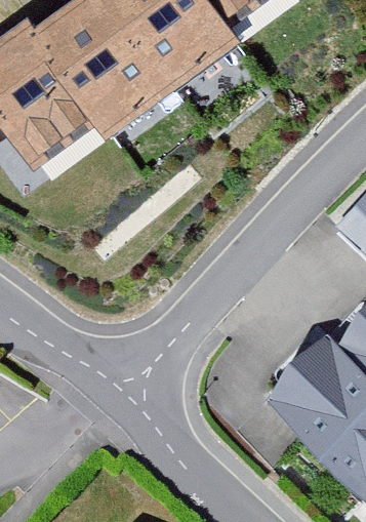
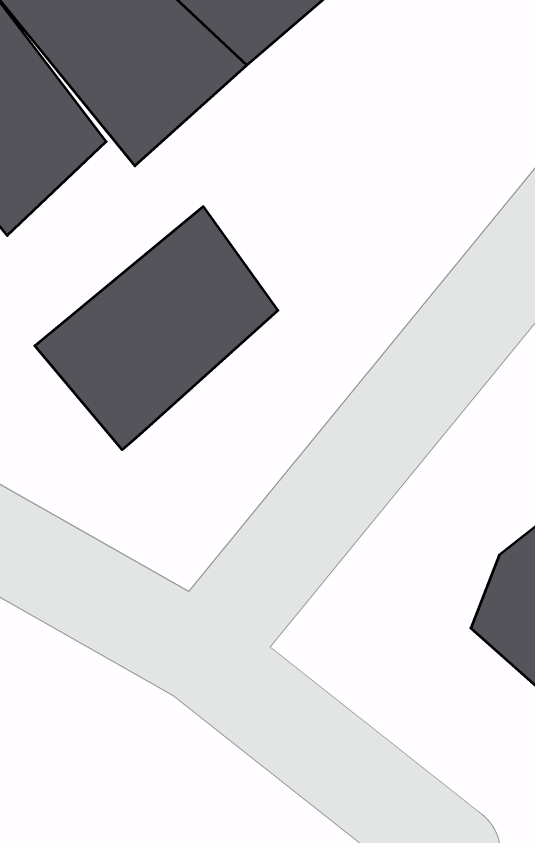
building: none -> [35,207,278,450]

